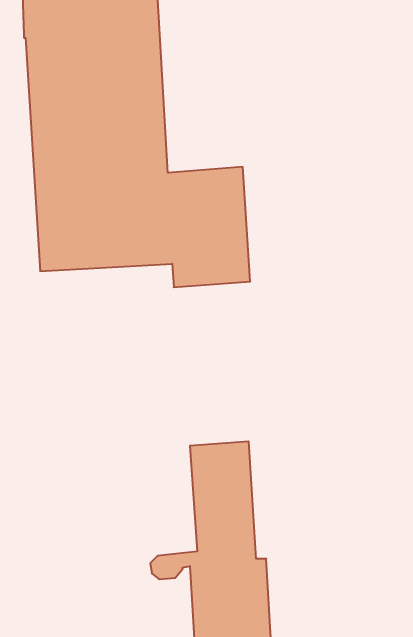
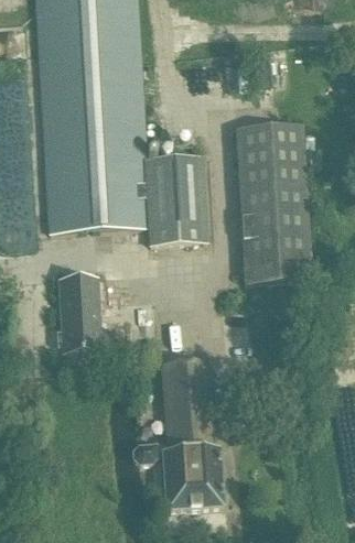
building: none -> [236,123,311,281]
building: none -> [56,276,100,351]

